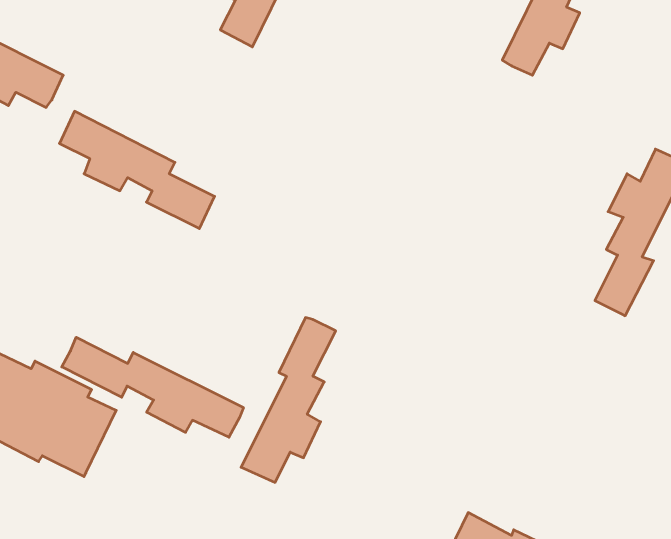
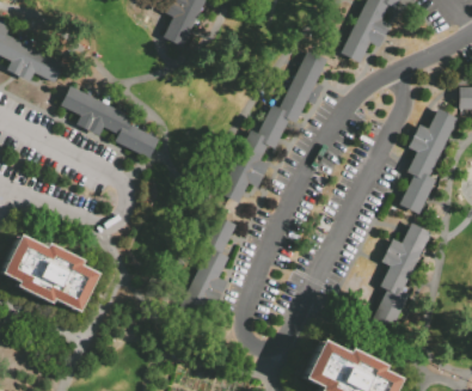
building: none -> [221,48,329,202]
building: none -> [374,221,431,326]
building: [62,337,243,437] -> none

